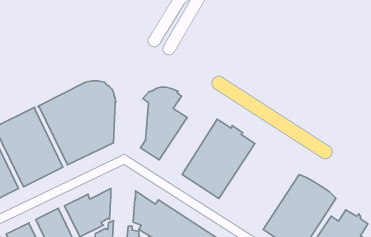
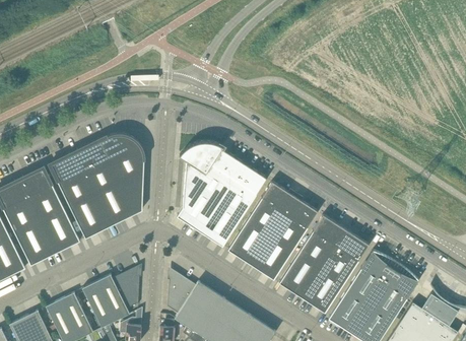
building: none -> [199,152,266,246]
building: none -> [278,214,369,313]

